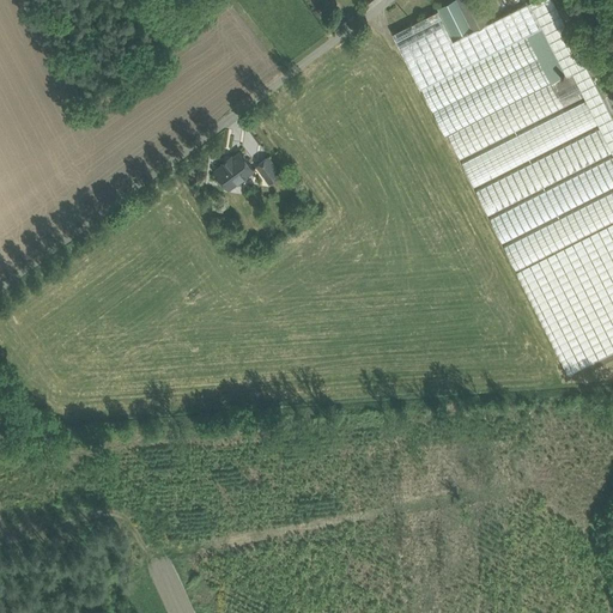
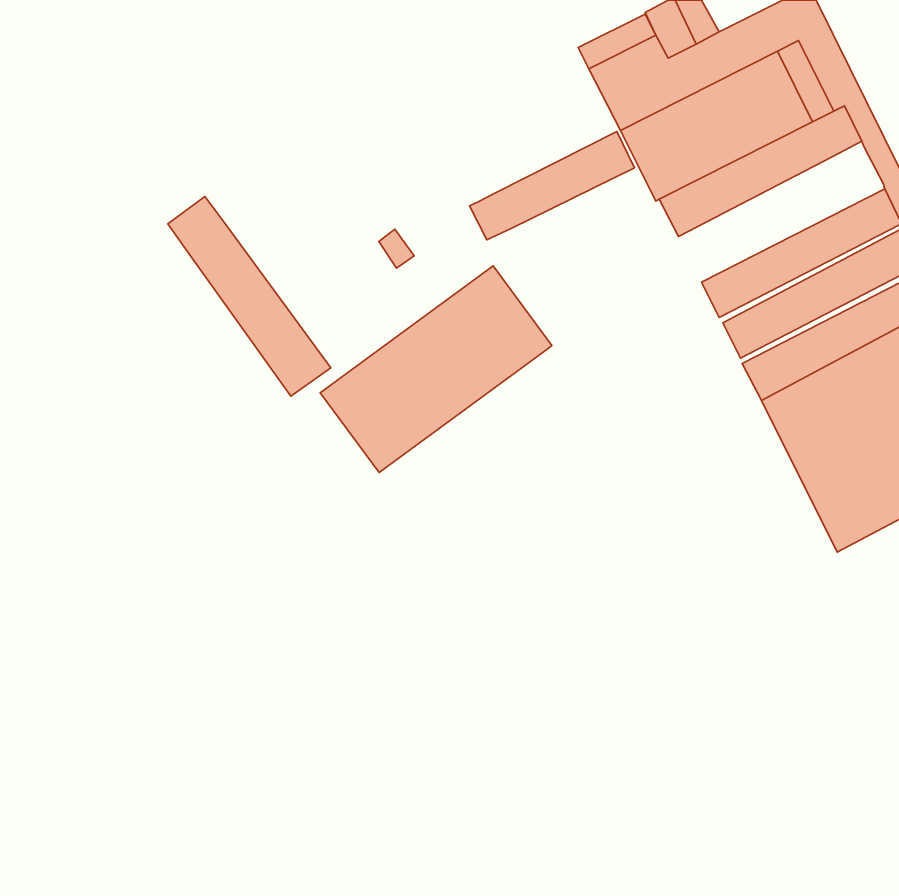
building: none -> [470,131,635,240]
building: [463,103,601,192] -> none
building: none -> [168,196,331,396]
building: [217,154,255,190] -> none
building: none -> [320,266,552,473]

